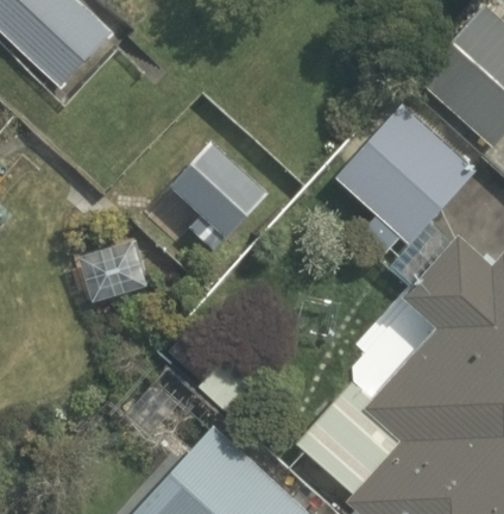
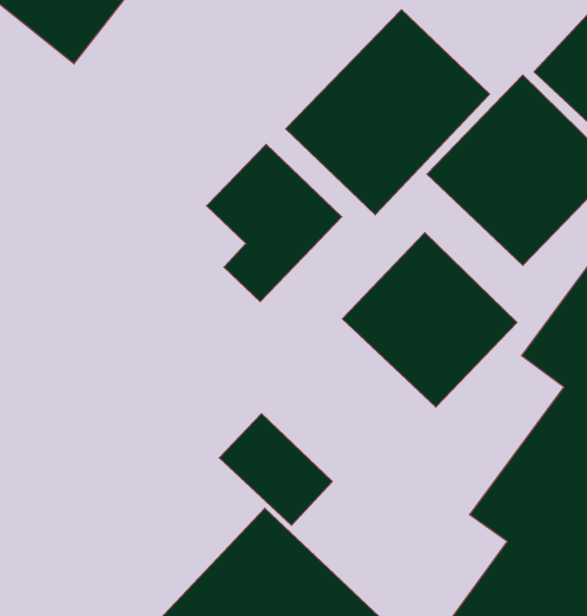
building: none -> [286,10,490,215]
building: none -> [342,233,517,407]

